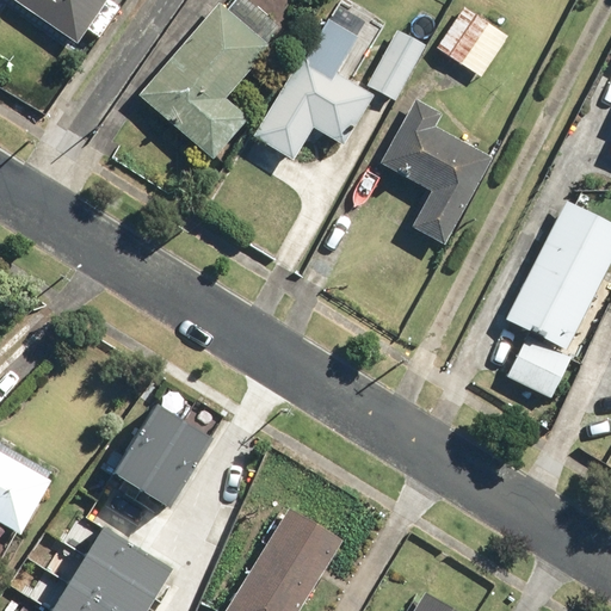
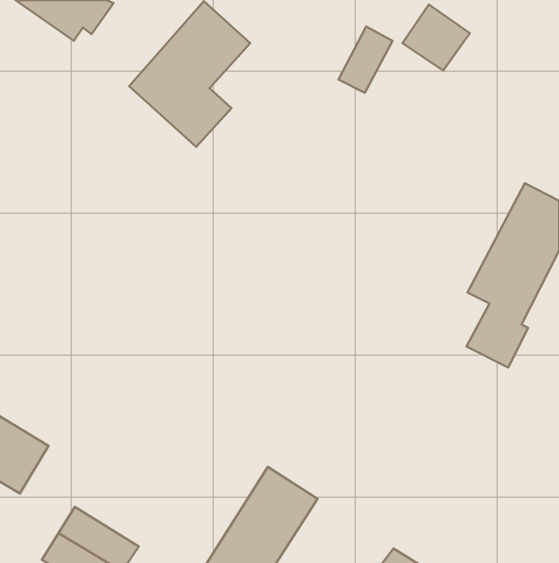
building: [253,16,374,159] -> none
building: [382,103,494,247] -> none
building: [107,401,205,504] -> none
building: [81,521,168,592] -> none

